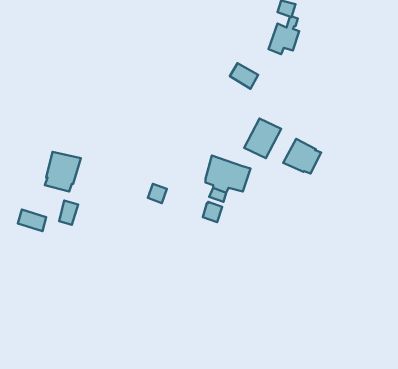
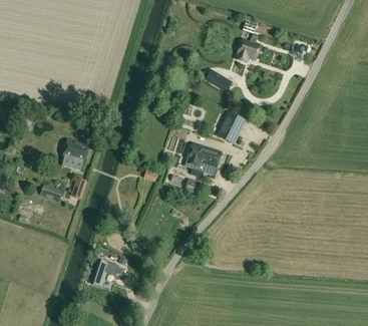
building: [283,139,321,174] -> none
building: none -> [89,261,116,287]

